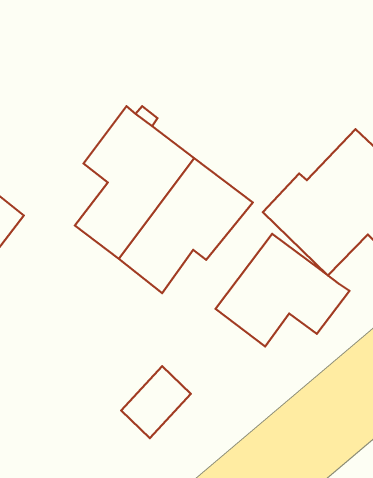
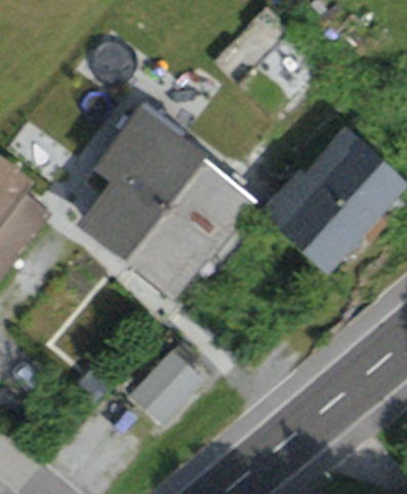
building: [215,234,349,346] -> none

